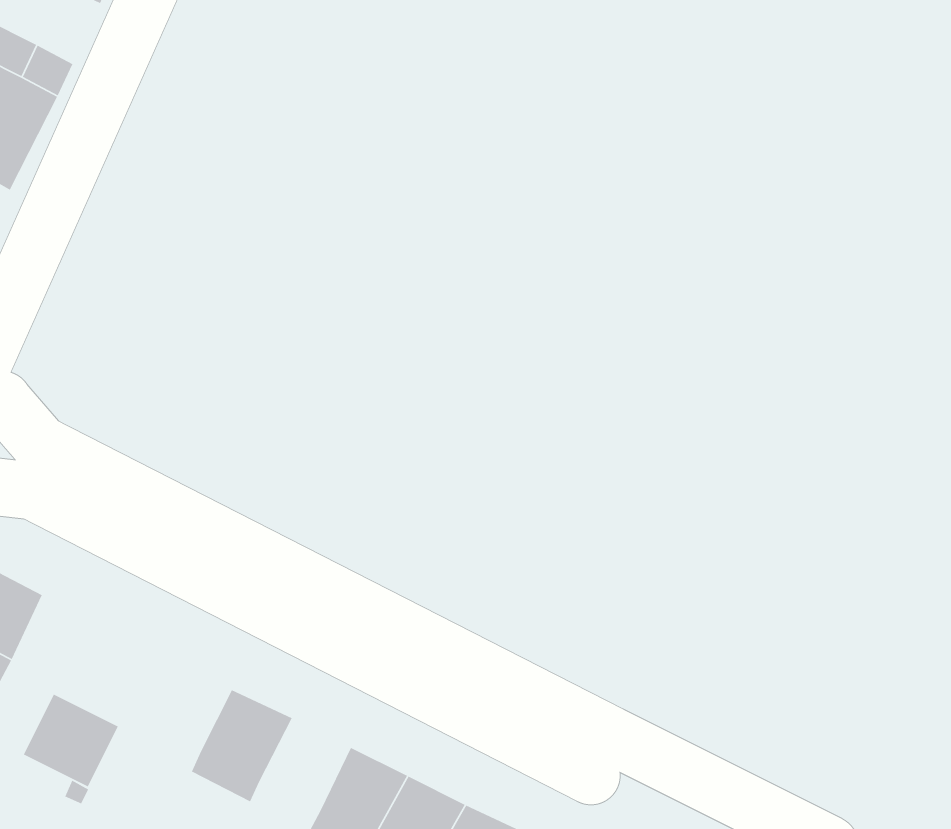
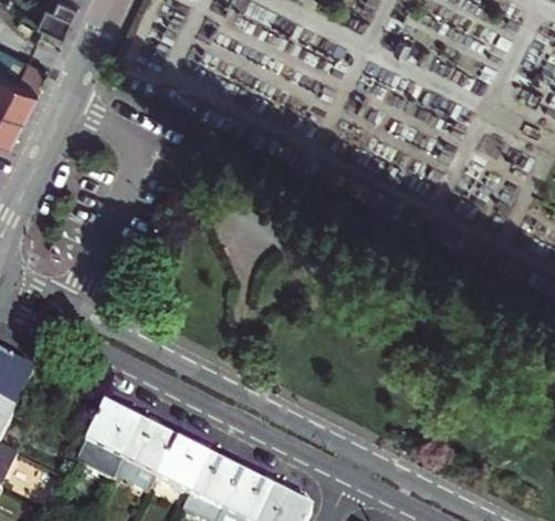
building: [23,693,119,788] -> [84,406,139,460]
building: none -> [156,441,208,494]

